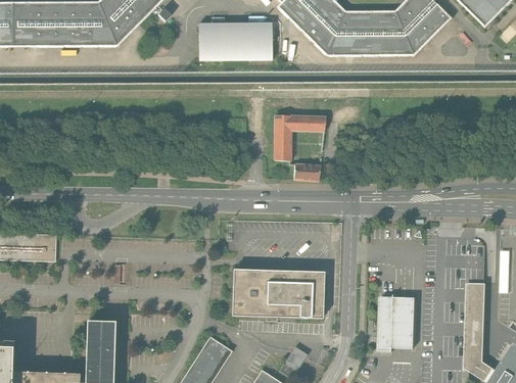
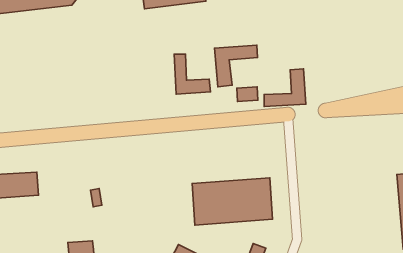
building: none -> [174,54,210,94]
building: none -> [264,69,306,106]
building: [382,296,415,346] -> none

